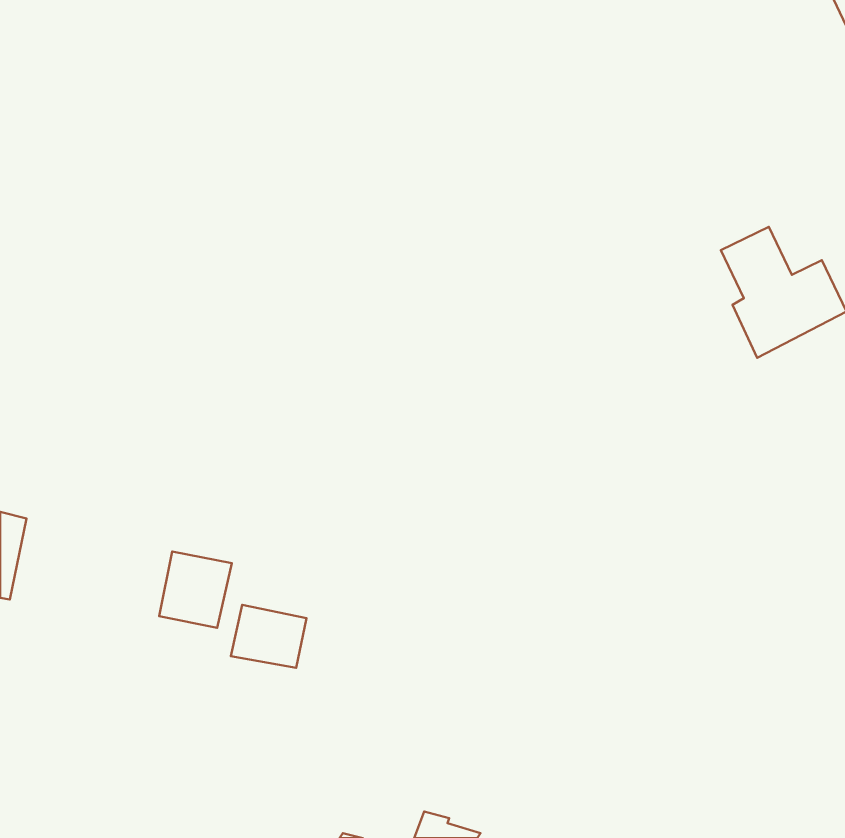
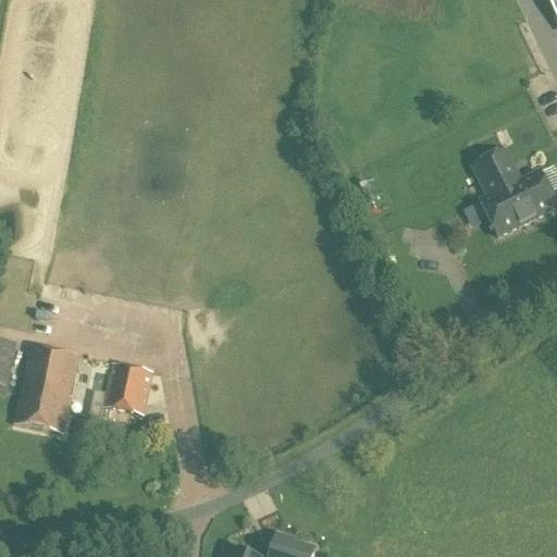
building: none -> [15,345,81,432]
building: [231,605,307,668] -> none

